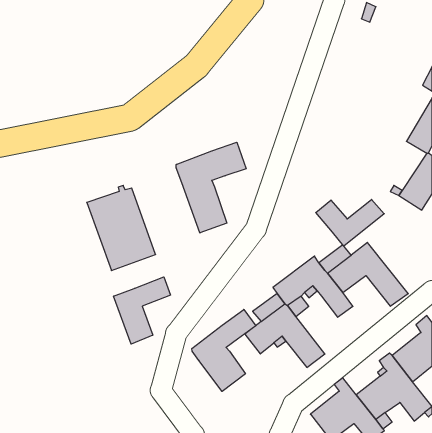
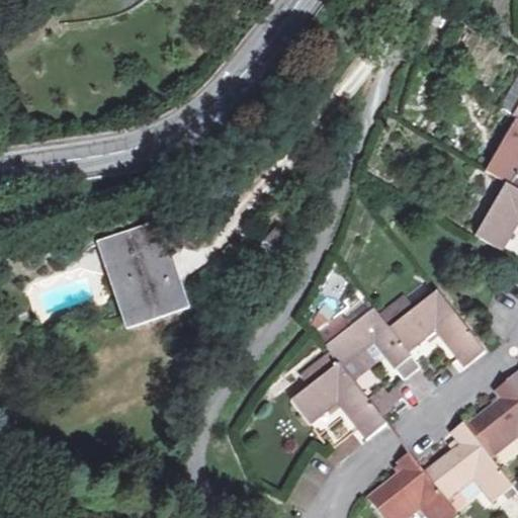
building: [176,142,246,233] -> none
building: [316,199,384,246] -> none
building: [114,277,171,344] -> none
building: [192,309,256,391] -> none

